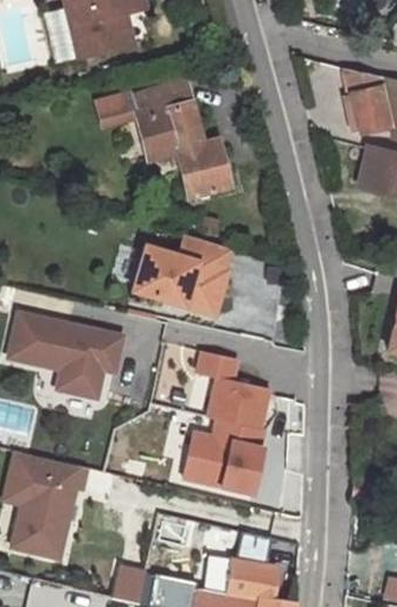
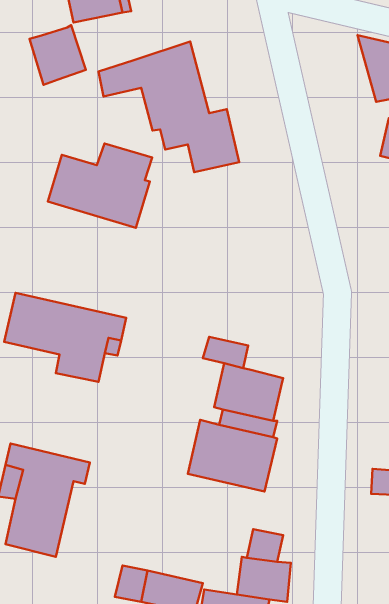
building: none -> [30,25,86,85]
building: [130,234,229,313] -> [48,144,152,228]

